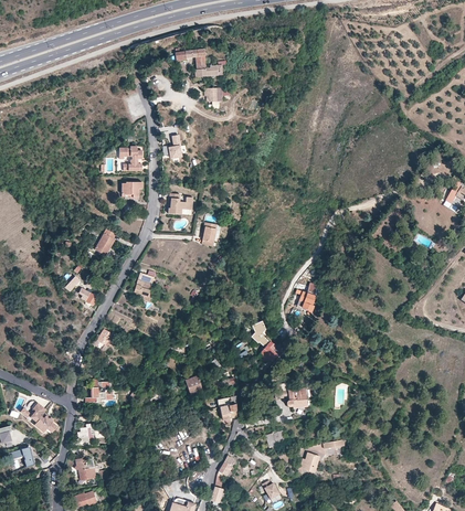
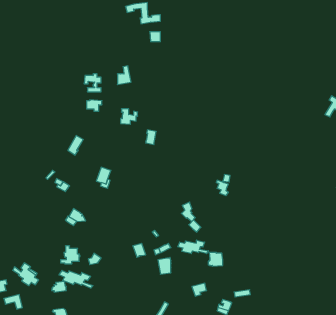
building: none -> [178,240,208,254]
building: none -> [59,270,93,288]

